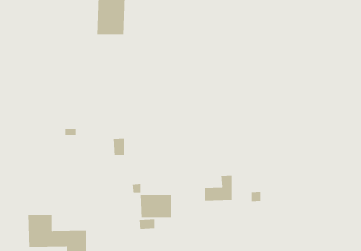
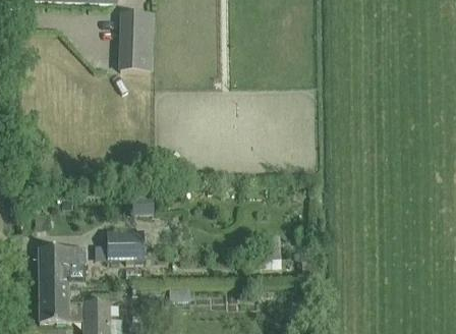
building: none -> [38,246,84,282]
building: [140,194,172,218] -> [106,230,144,259]

